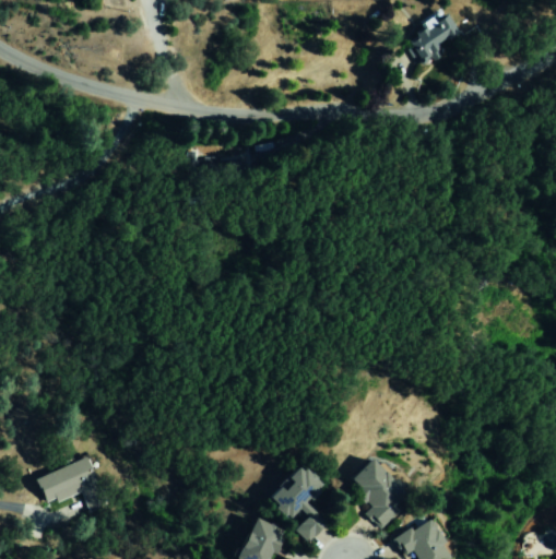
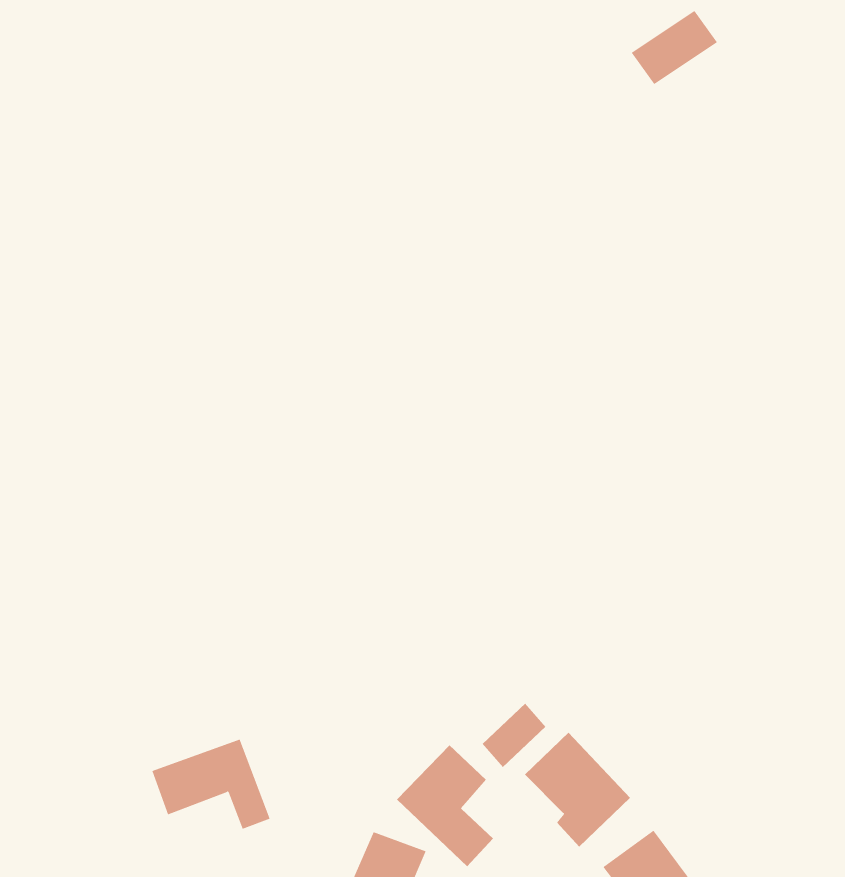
building: none -> [482,703,546,768]
building: [37,456,110,512] -> [151,739,270,829]

